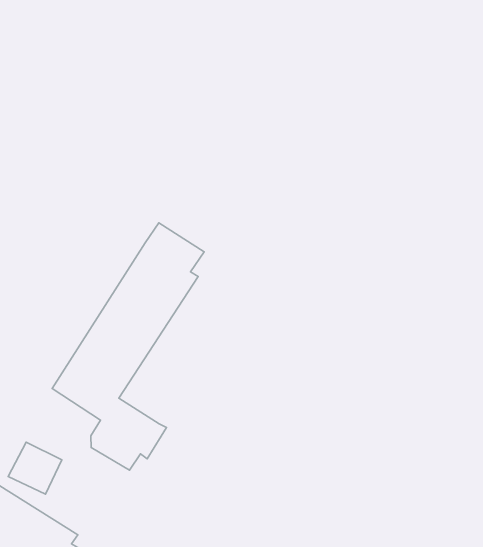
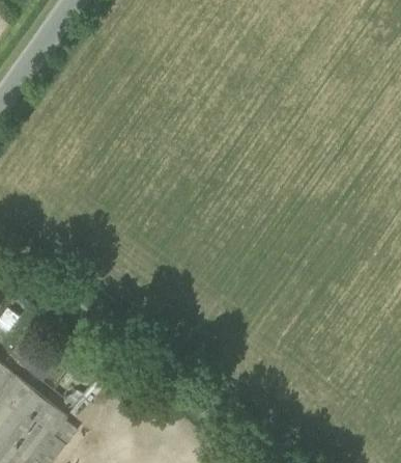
building: [52,223,204,470] -> none

